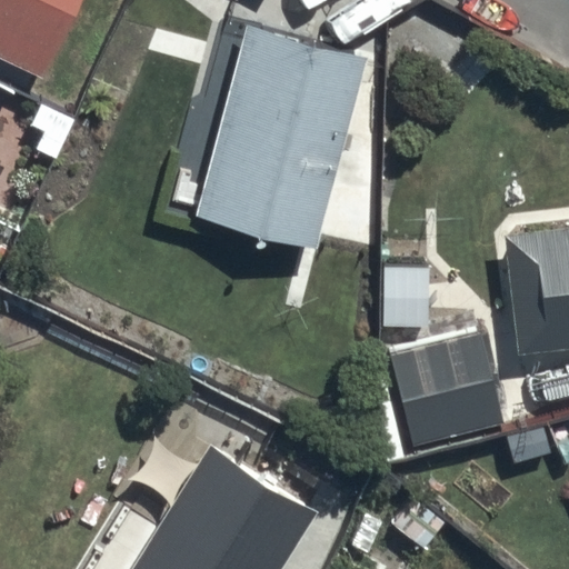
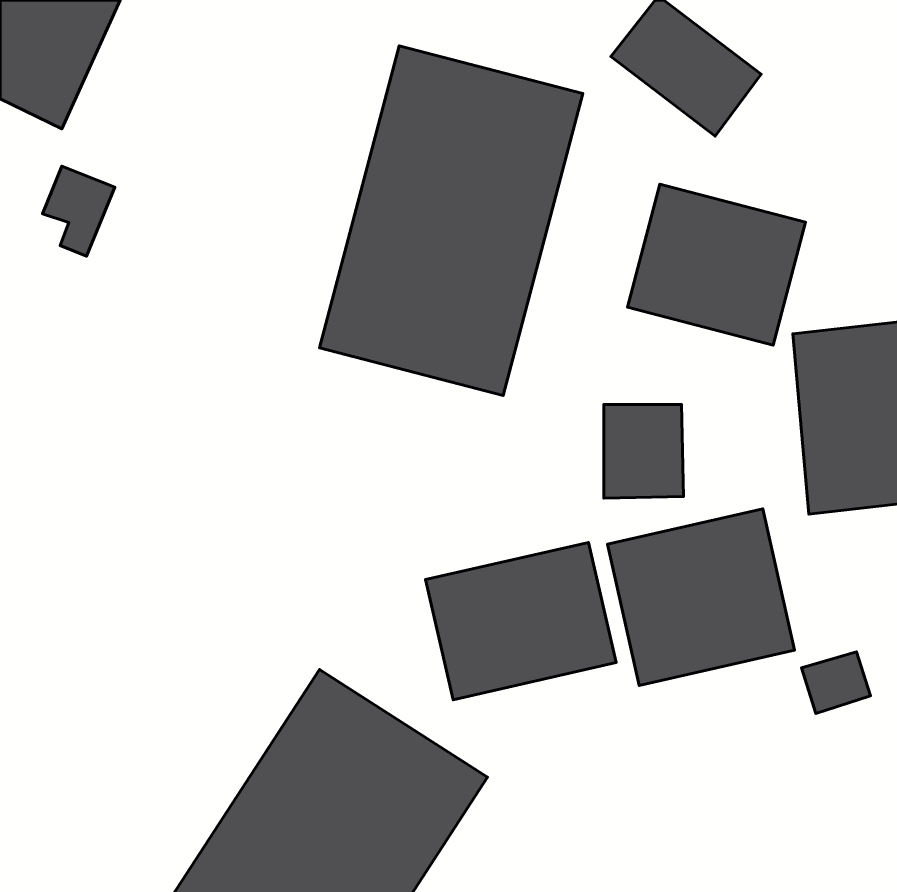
building: none -> [627,184,805,345]
building: none -> [425,543,616,700]

